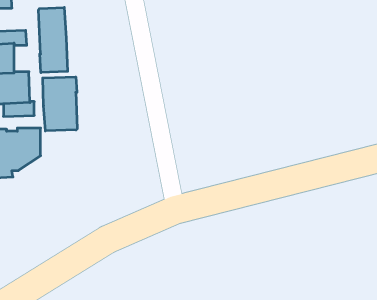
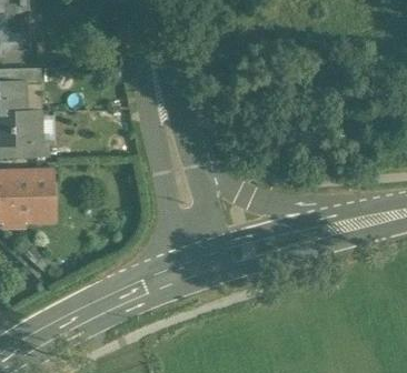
building: [39,7,68,73] -> none
building: [43,77,77,131] -> none

